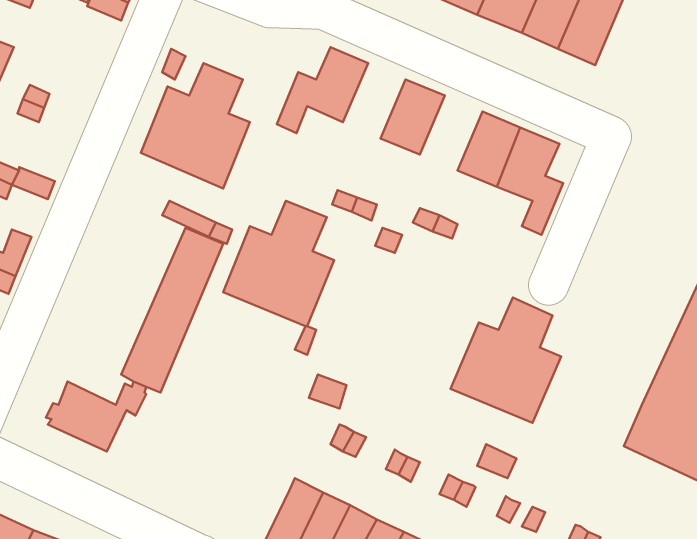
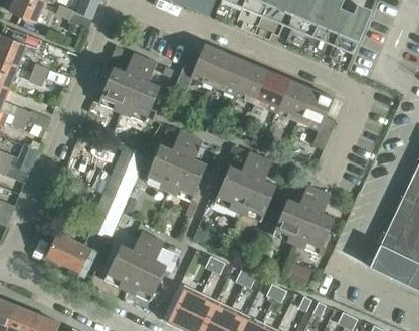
building: none -> [212,53,247,95]
building: none -> [255,71,290,113]
building: none -> [214,151,276,221]
building: none -> [103,231,167,302]

